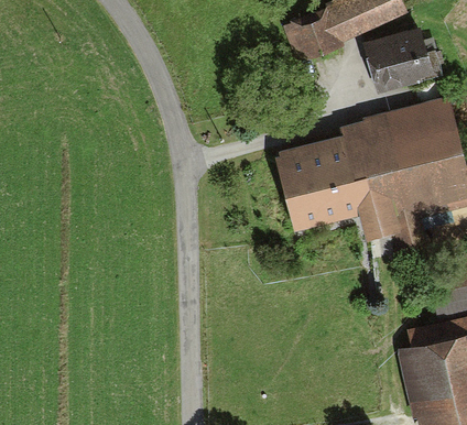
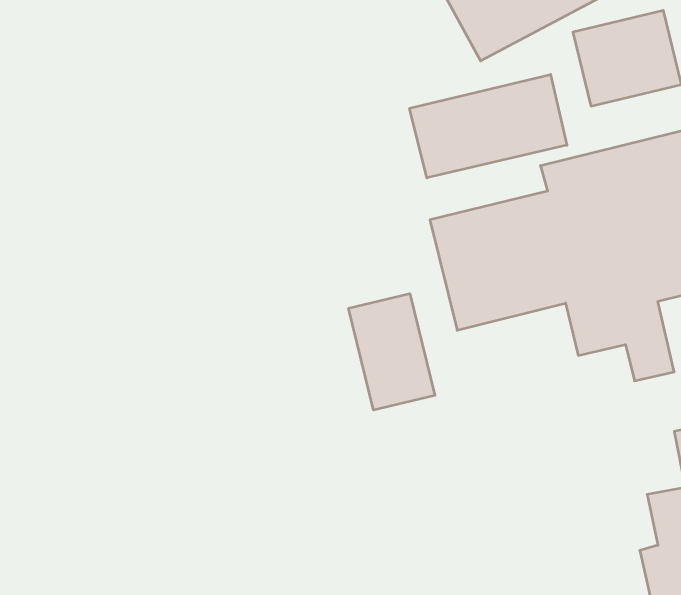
building: none -> [410,74,567,178]
building: none -> [349,294,435,410]

